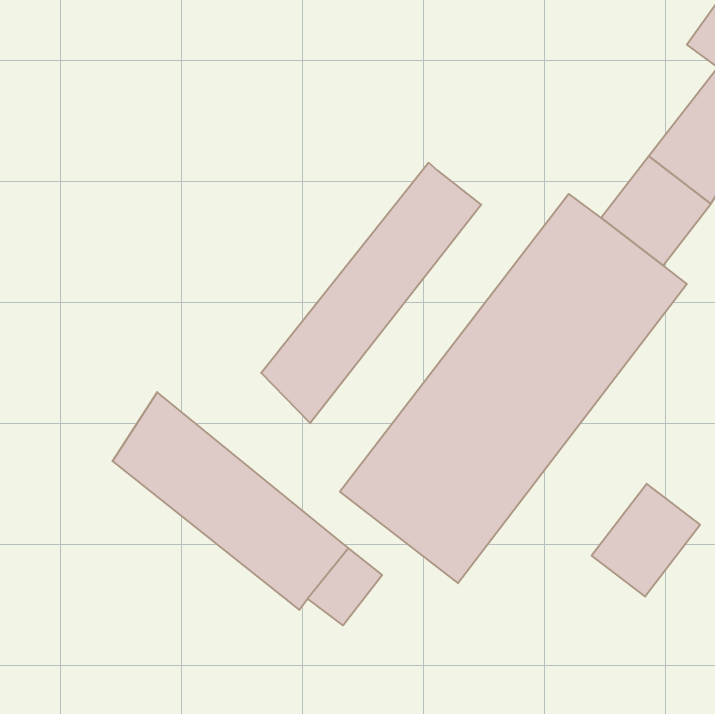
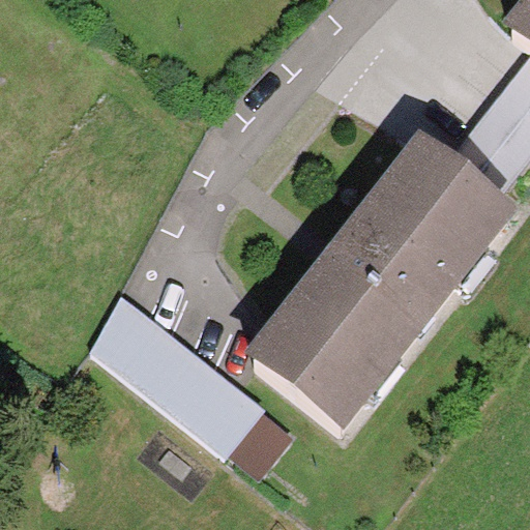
building: [261,163,481,423] -> none
building: [592,484,700,597] -> none

